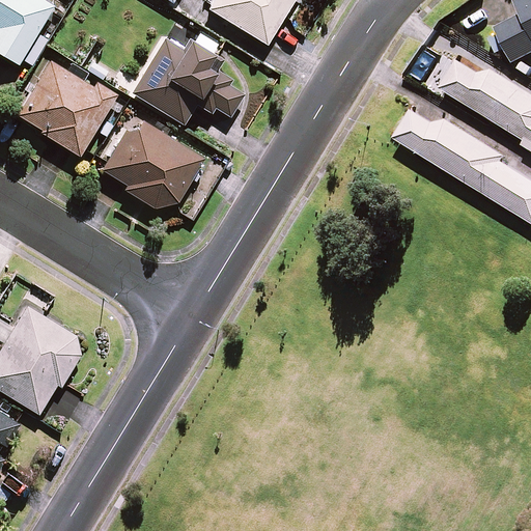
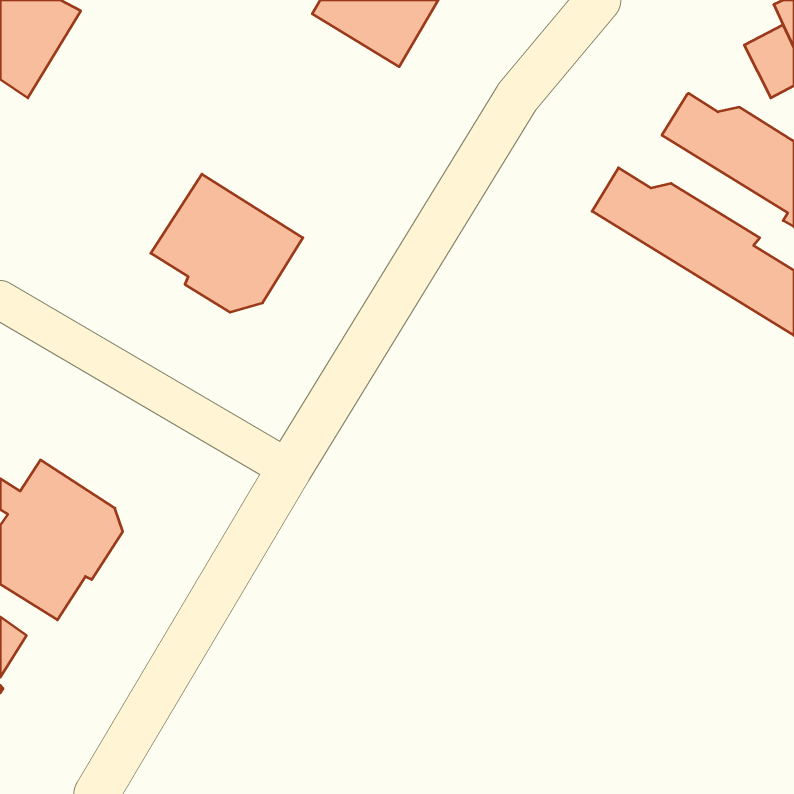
building: [132,31,243,123] -> none
building: [17,58,118,158] -> none

